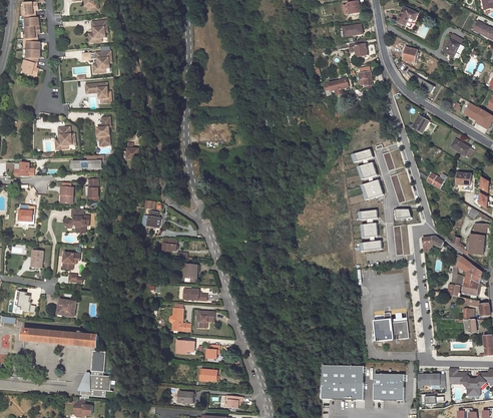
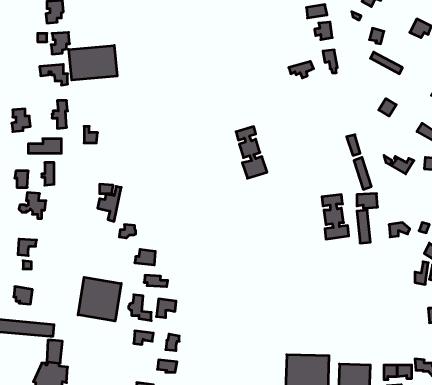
building: none -> [69,45,117,80]
building: [354,148,384,198] -> [236,127,267,178]
building: none -> [78,277,121,321]
building: [373,313,408,342] -> none

